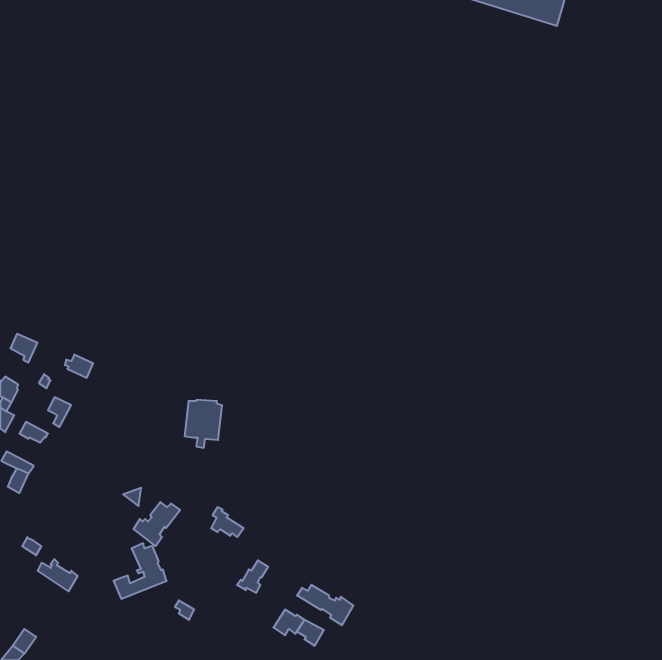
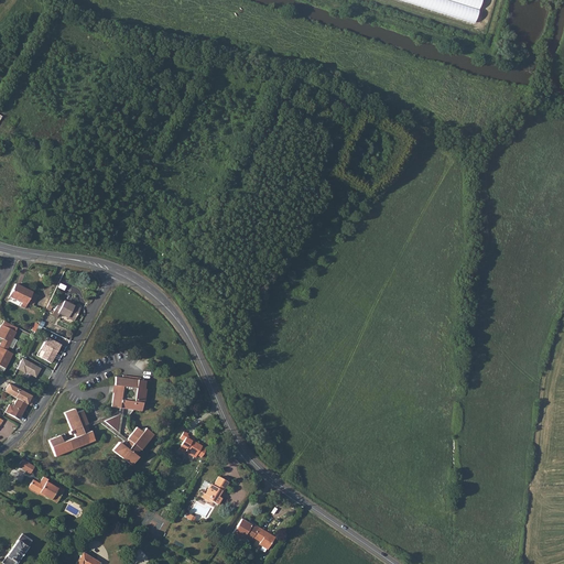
building: [185,400,222,448] -> [112,376,144,416]
building: [113,543,167,599] -> [50,408,95,455]
building: [297,585,353,625] -> none

